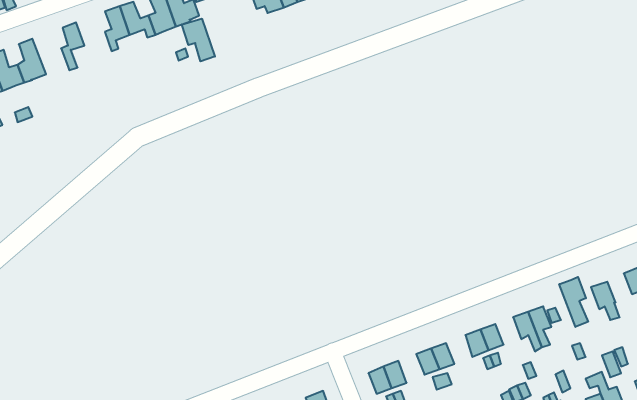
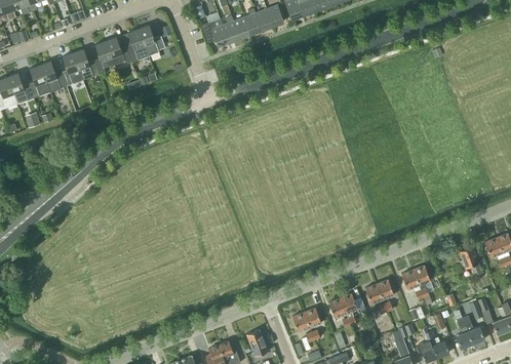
building: none -> [73,48,100,80]
building: [182,19,215,61] -> none
building: none -> [40,60,67,91]
building: [559,277,588,327] -> none

